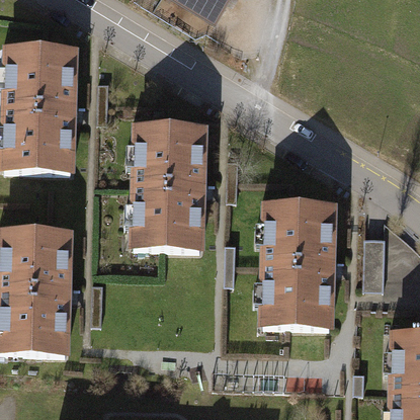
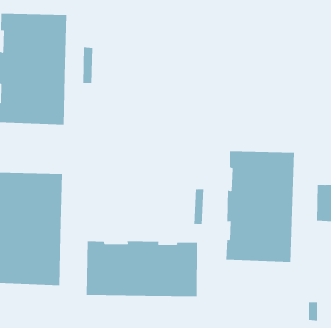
building: [128,121,206,249] -> none
building: none -> [86,240,197,297]

